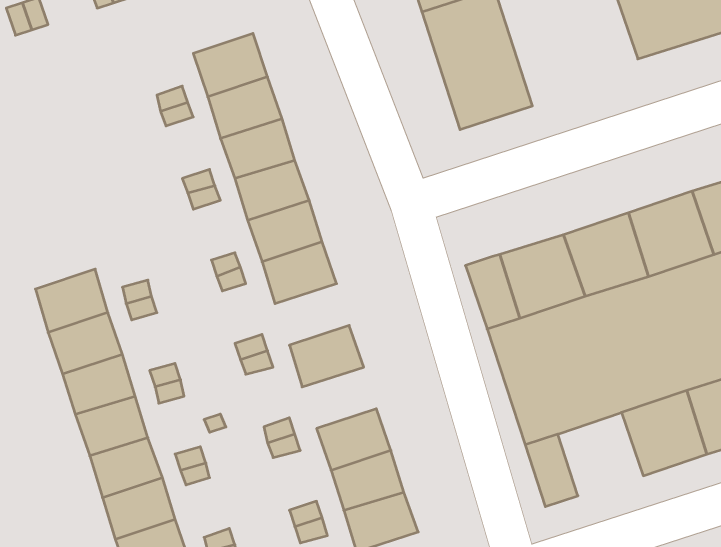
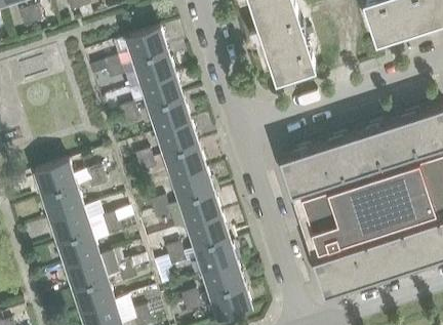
building: none -> [170,170,212,205]
building: none -> [186,217,228,252]
building: none -> [330,243,378,290]

